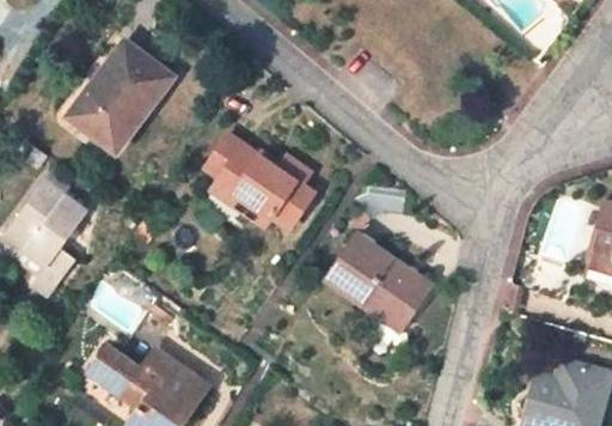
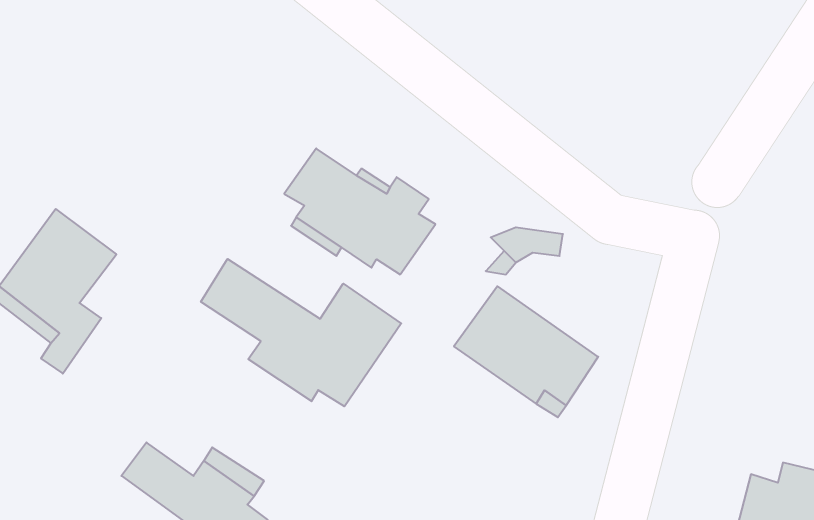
building: [69,39,173,151] -> none
building: none -> [201,259,401,406]

